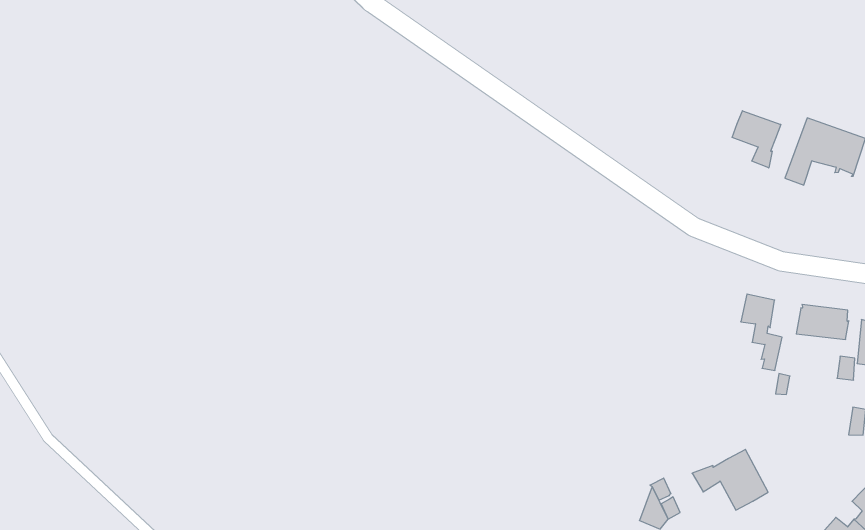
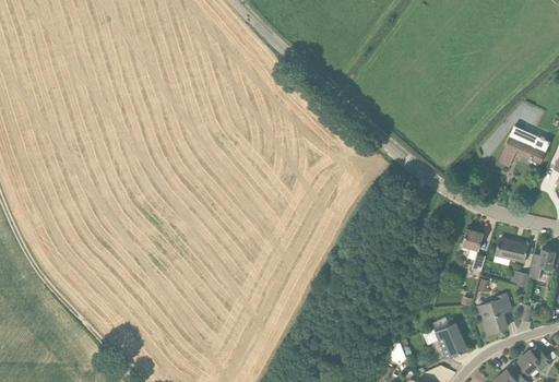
building: [732,111,781,168] -> none
building: none -> [477,294,510,334]

